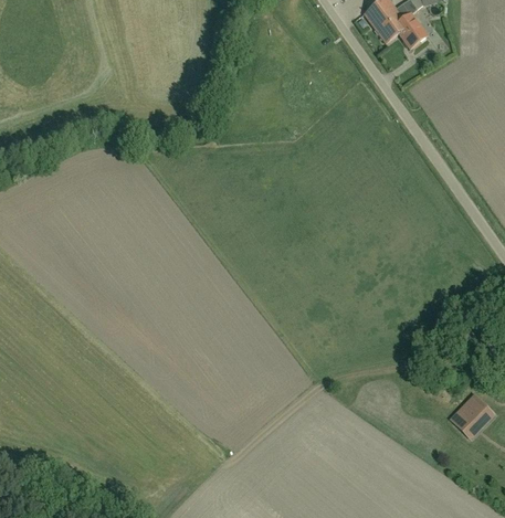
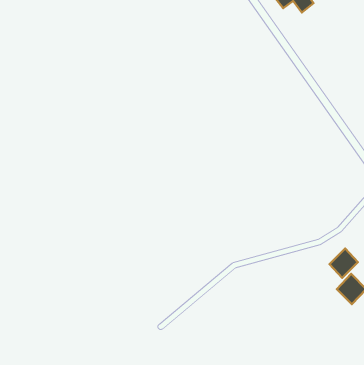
building: none -> [329,248,358,278]

